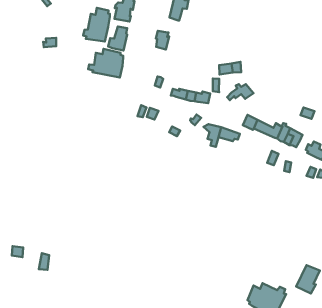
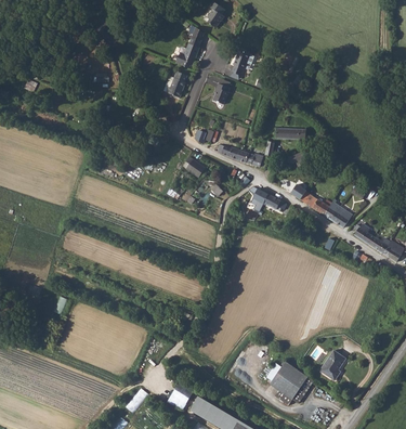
building: [83,8,110,42] -> none
building: [88,49,123,77] -> none

